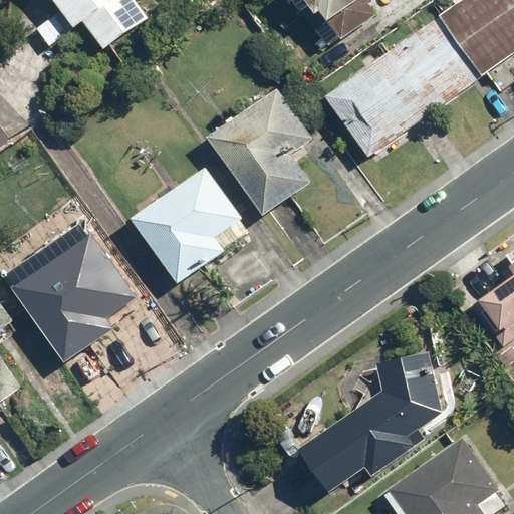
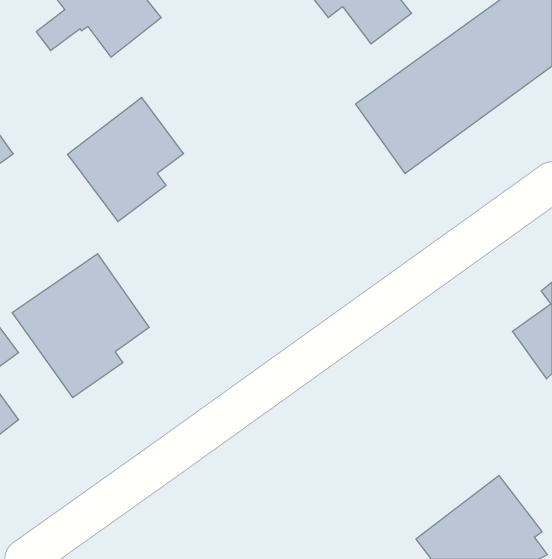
building: [206,88,312,216] -> none
building: [131,168,237,281] -> [67,97,184,222]
building: [298,350,451,490] -> none

